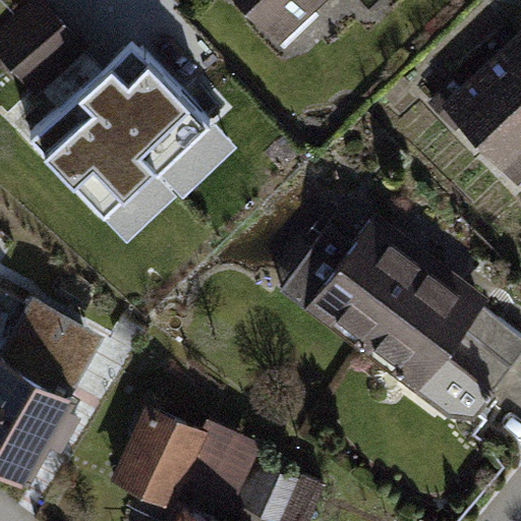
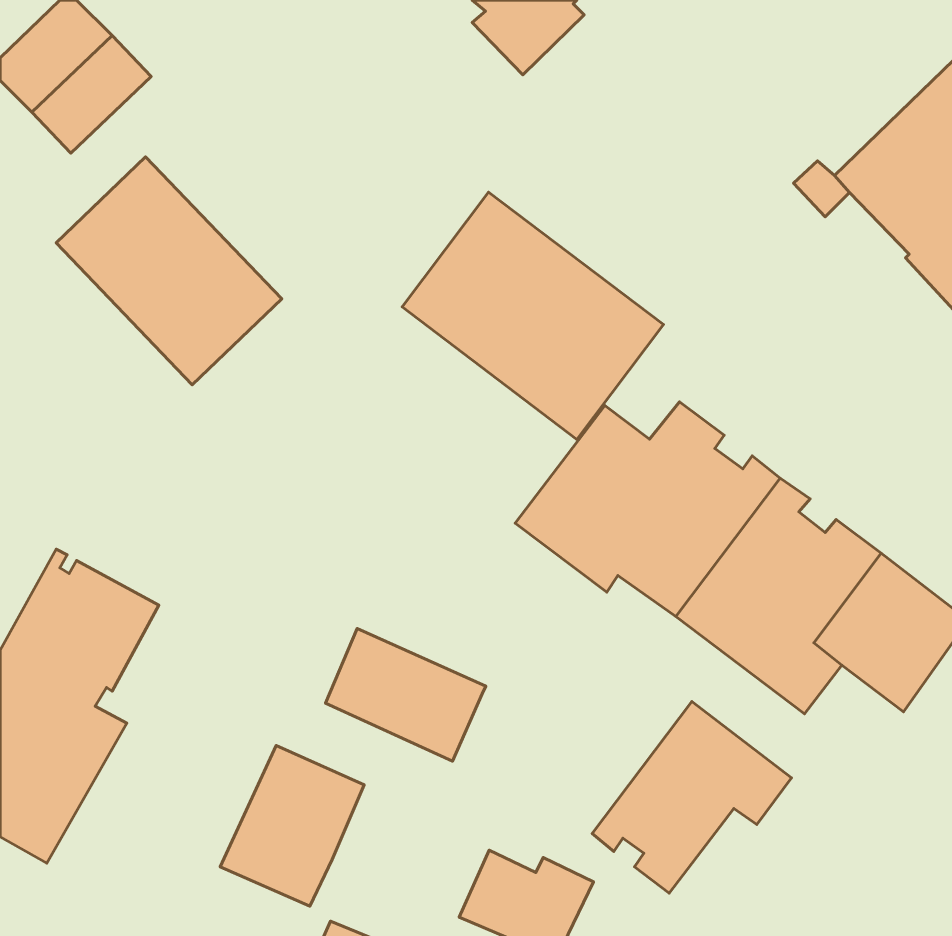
building: [80,45,212,177] -> none
building: none -> [402,192,664,439]
building: none -> [592,702,792,893]
building: [182,438,270,510] -> [325,628,486,761]

